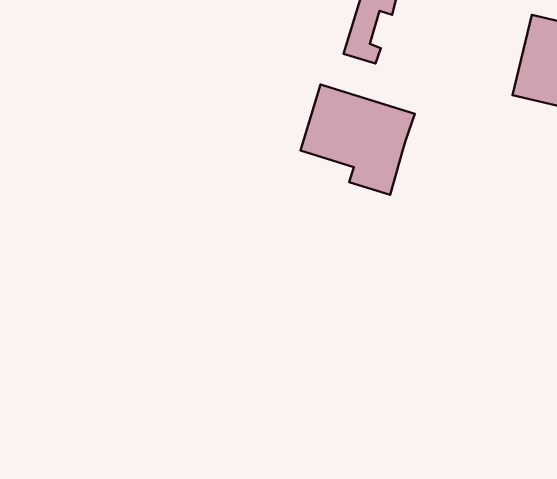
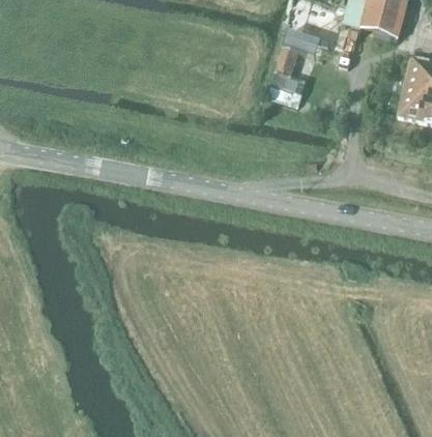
building: [300,84,415,195] -> none

